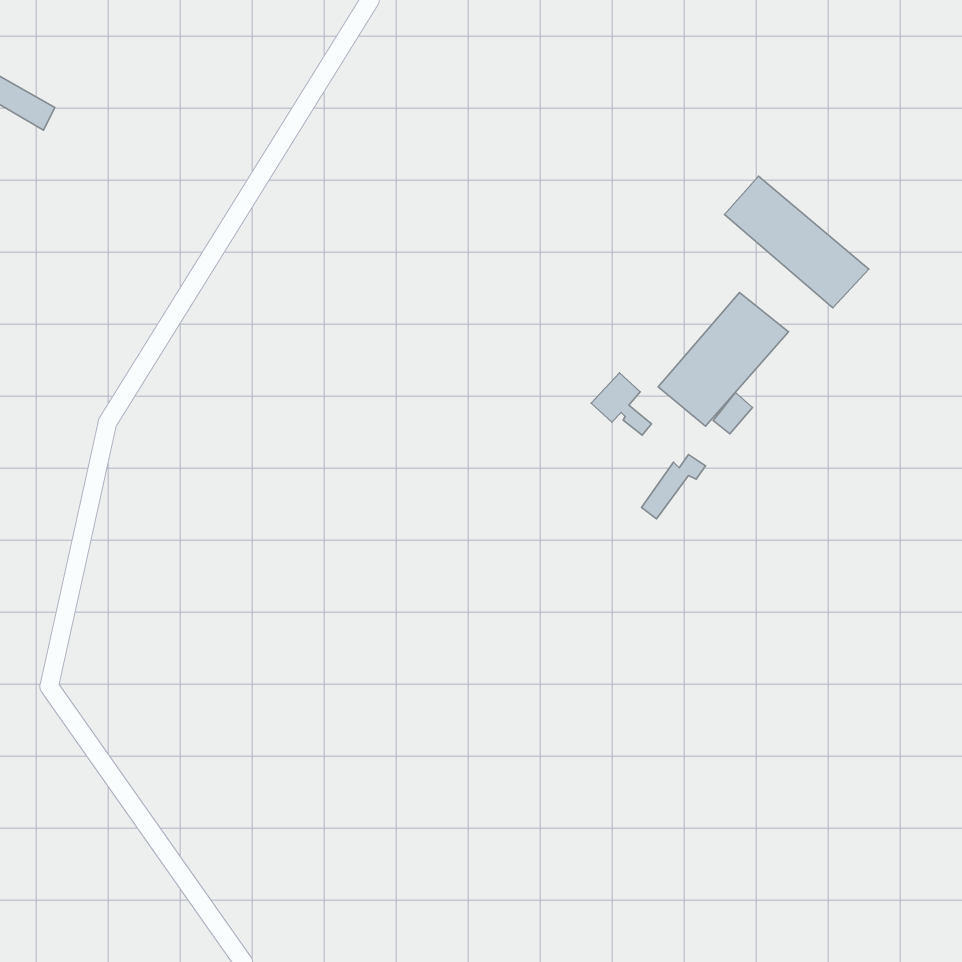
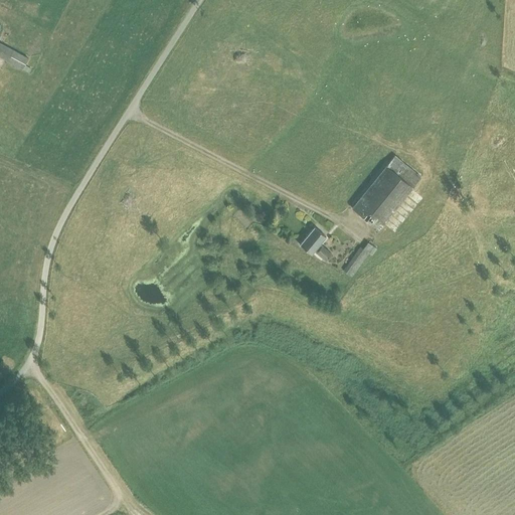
building: [724,176,869,308] -> none
building: [591,373,652,435] -> [299,228,331,262]

